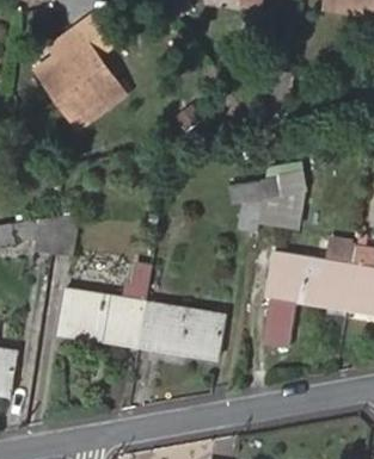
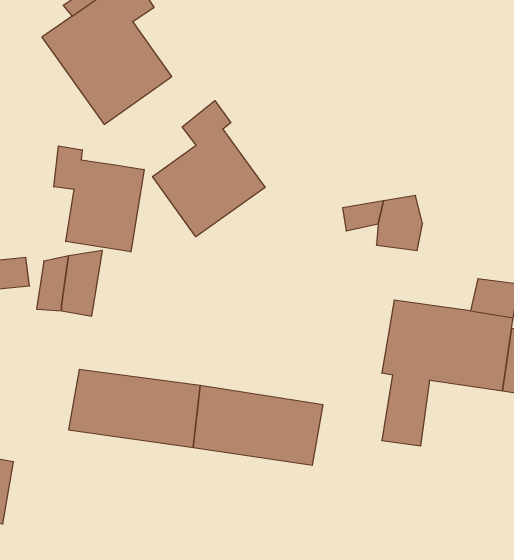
building: none -> [153,101,265,237]
building: none -> [54,146,144,252]

